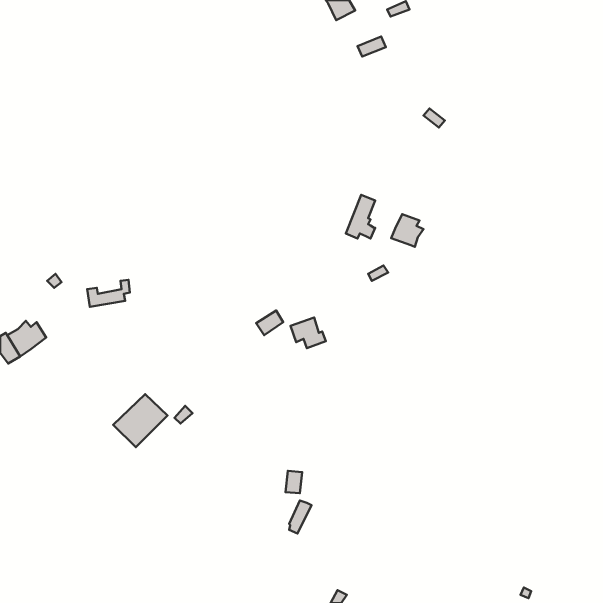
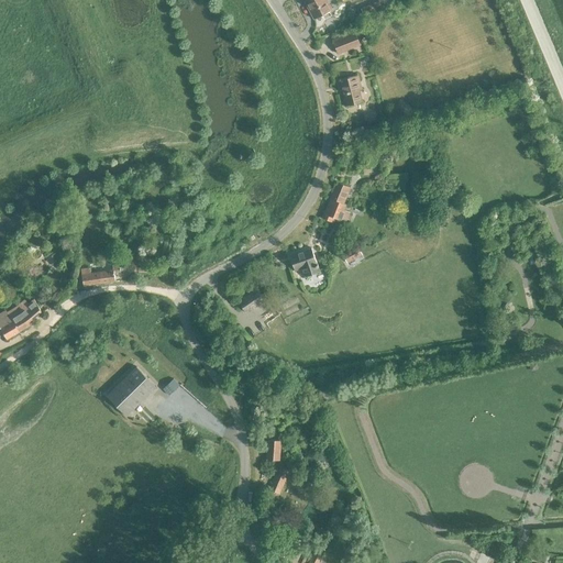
building: none -> [340,75,362,106]
building: [391,214,423,247] -> none
building: [290,317,326,348] -> [289,247,322,276]

